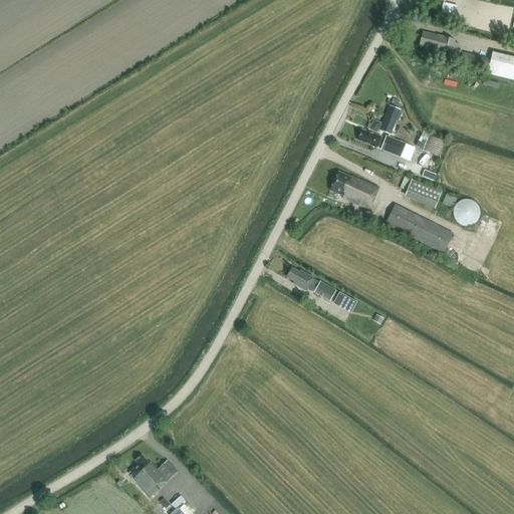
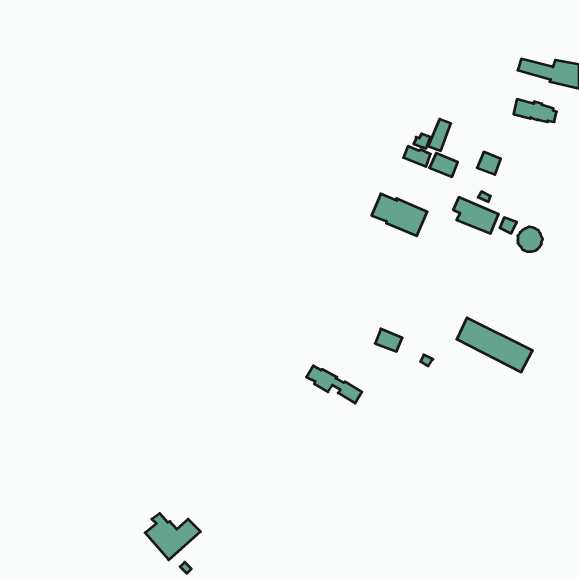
building: [420,32,458,52] -> [514,99,557,122]
building: [386,204,453,252] -> [457,318,533,372]
building: [286,267,335,300] -> [306,366,362,403]

